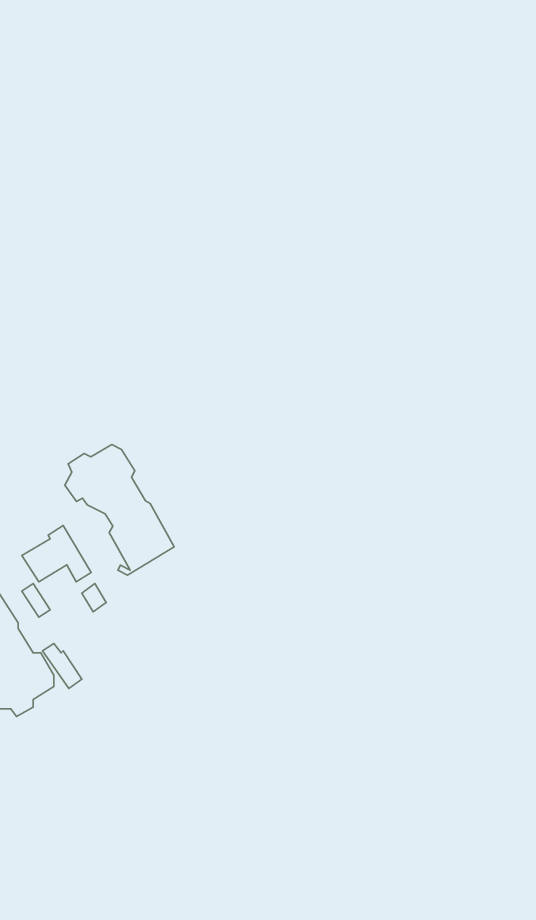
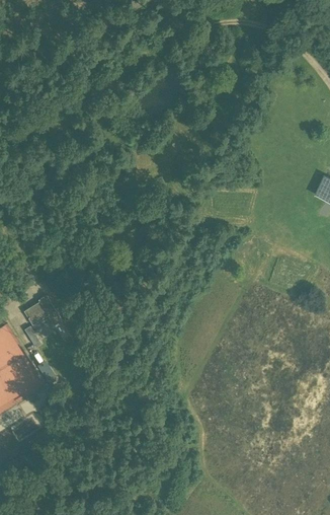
building: [65,445,174,575] -> none

